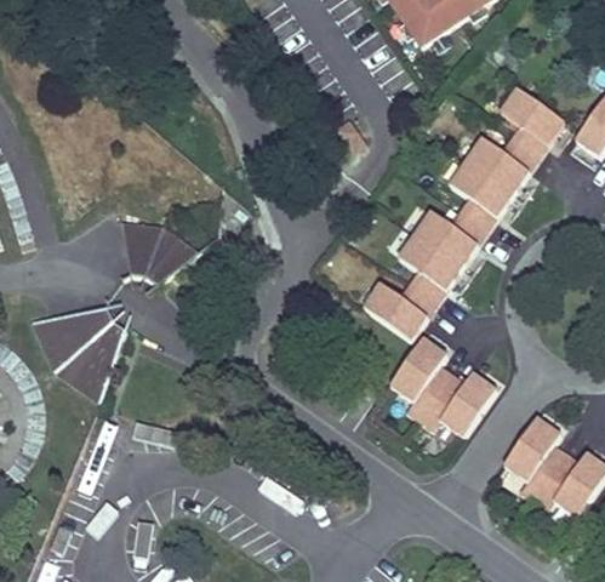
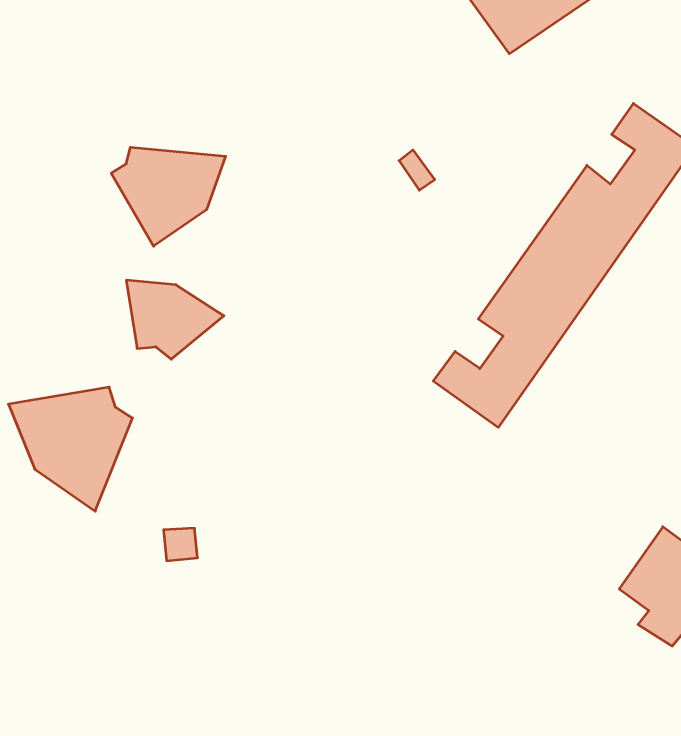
building: none -> [111,147,226,246]
building: [393,336,501,436] -> none

